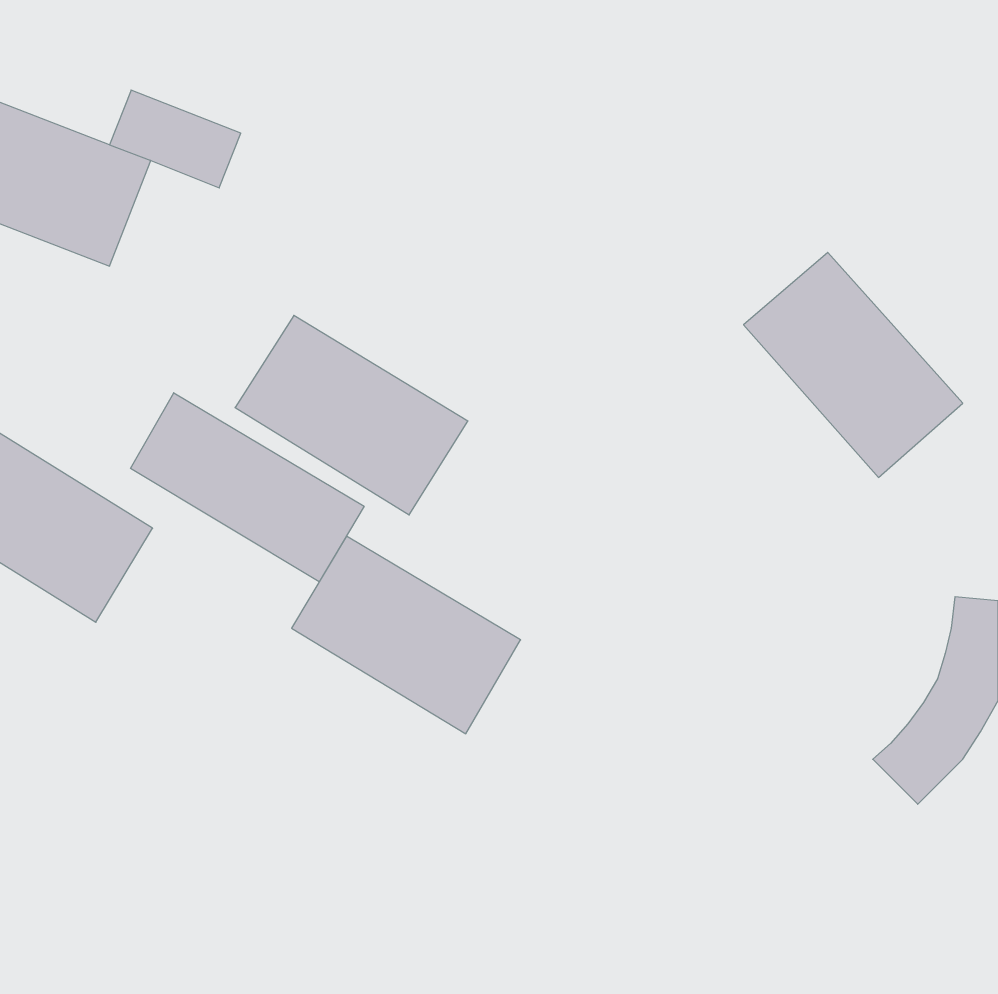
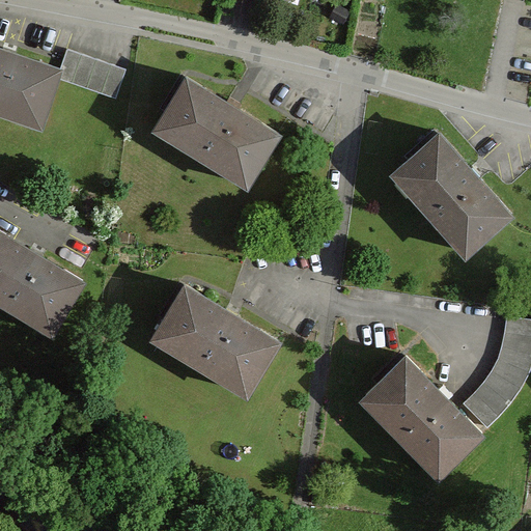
building: [235,315,468,515] -> [155,80,278,186]
building: [131,393,364,582] -> none
building: none -> [358,355,478,477]

